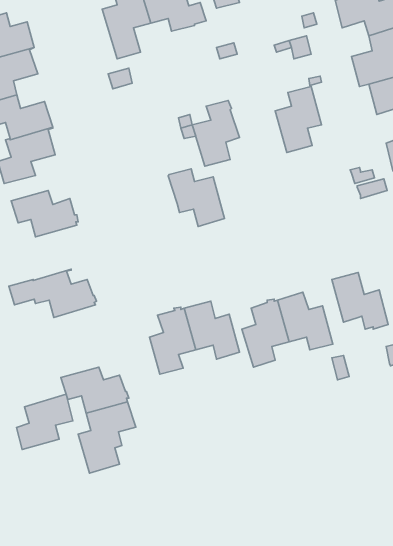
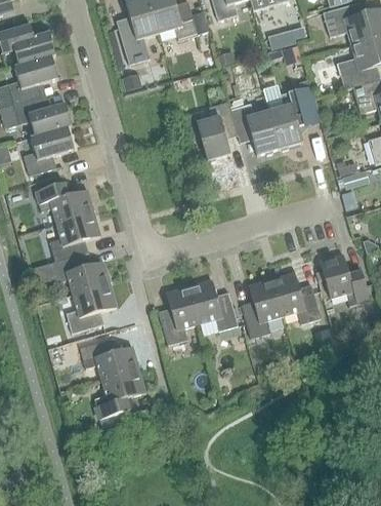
building: [168,169,225,226] -> [229,104,280,155]
building: none -> [49,212,99,262]
building: [16,394,73,450] -> [66,283,116,333]

